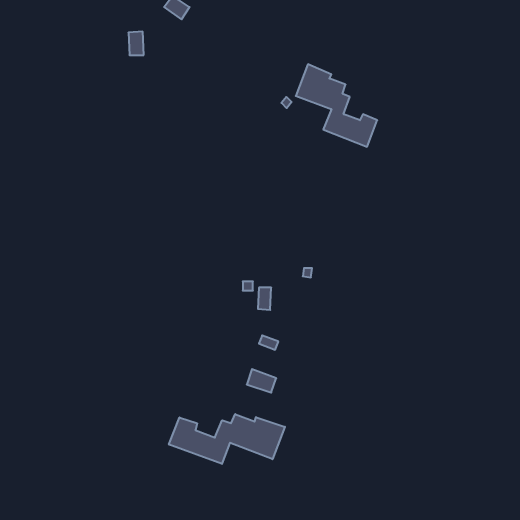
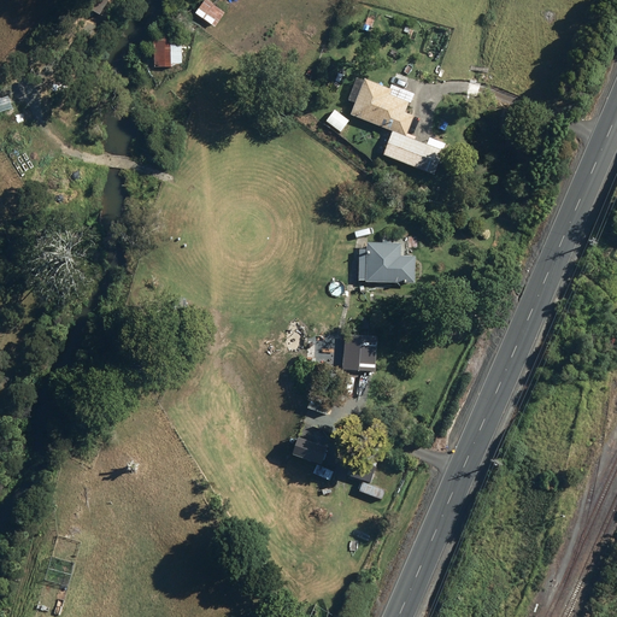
building: none -> [358,242,415,282]
building: none -> [342,334,376,370]
building: [169,414,285,464] -> none

